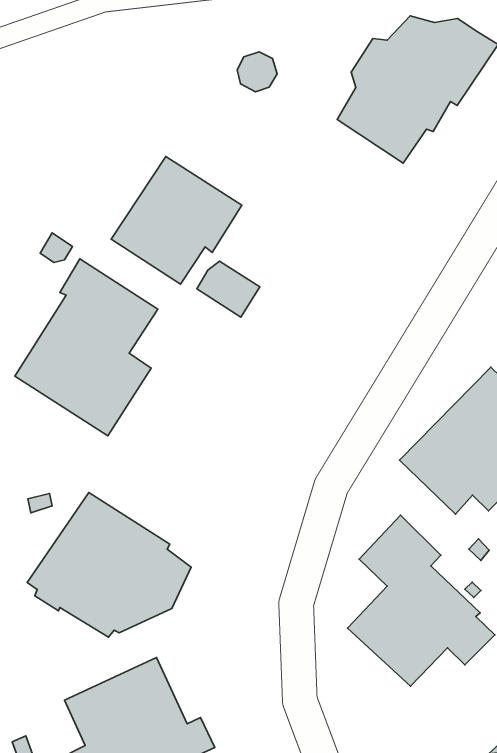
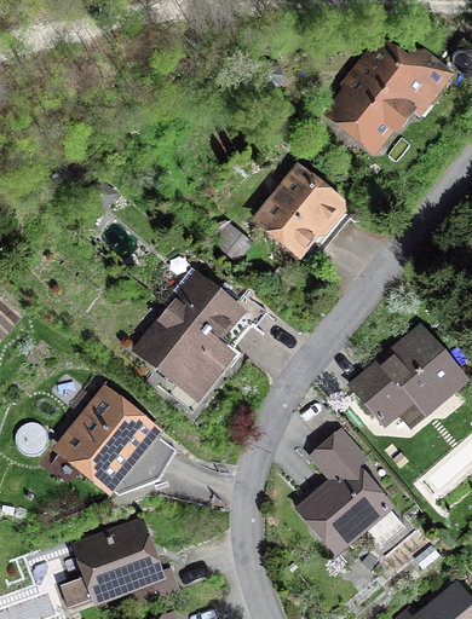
building: [111,156,242,284] -> [249,162,352,261]
building: [15,259,158,436] -> [132,267,247,405]

